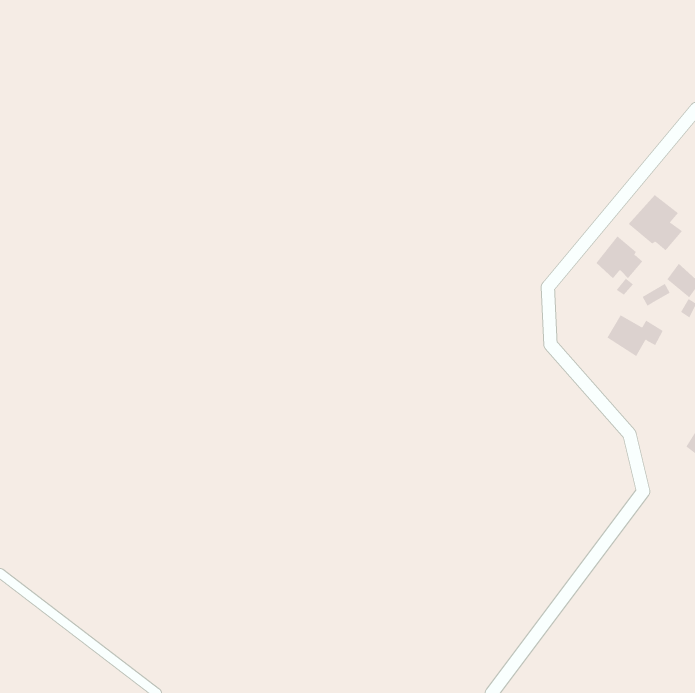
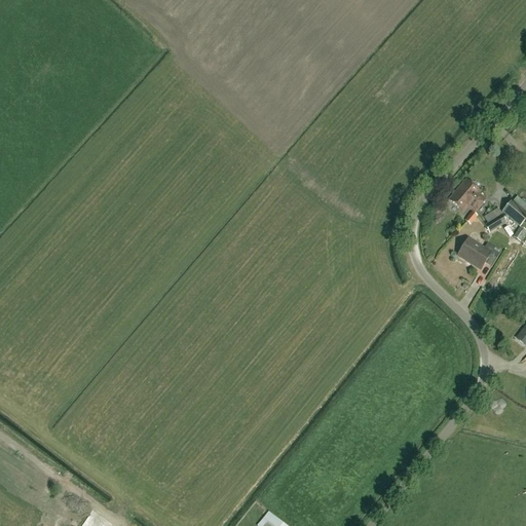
building: [628,194,683,251] -> none

